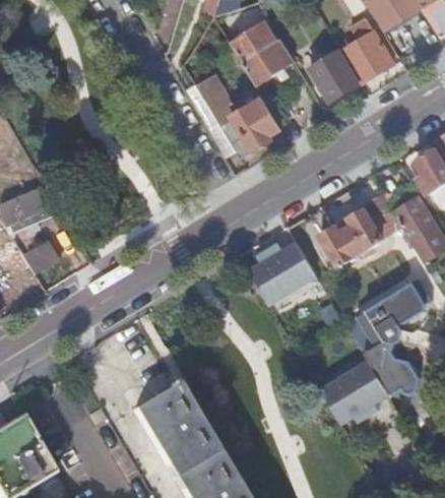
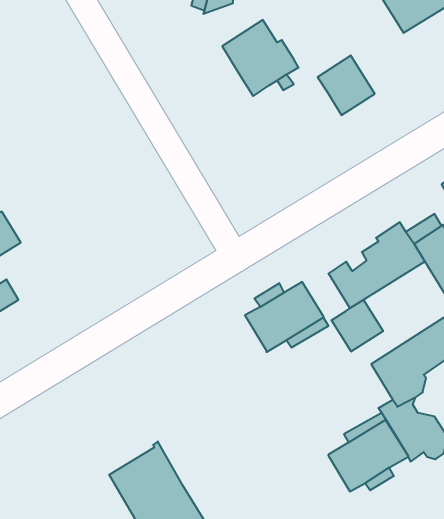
building: [343,17,393,82] -> none
building: [196,73,281,157] -> none
building: none -> [332,300,383,352]

